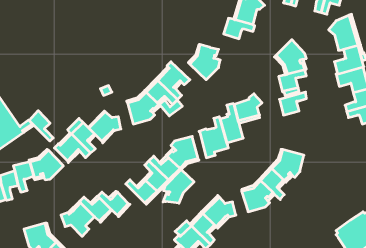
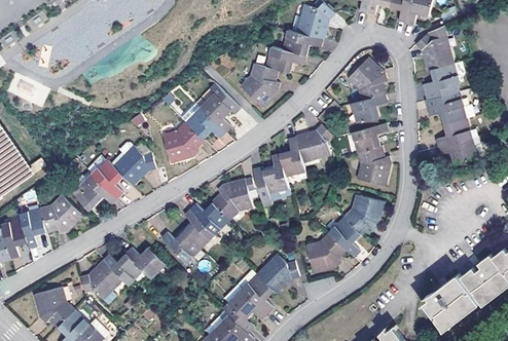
building: none -> [266,47,305,73]
building: none -> [358,146,391,186]
building: [29,111,53,141] -> none
building: [163,170,194,203] -> none

